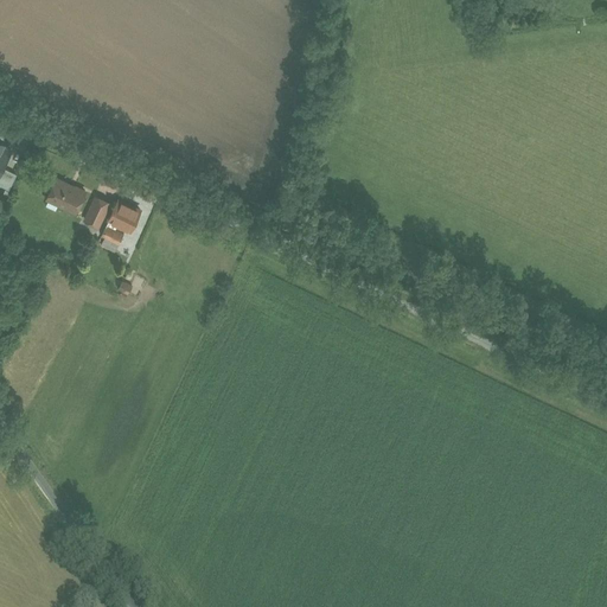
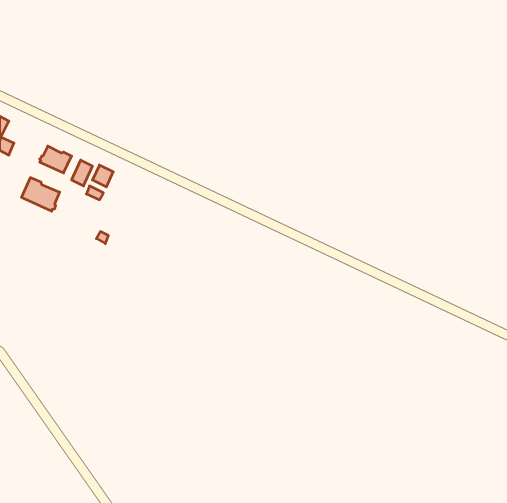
building: none -> [22,178,60,211]

